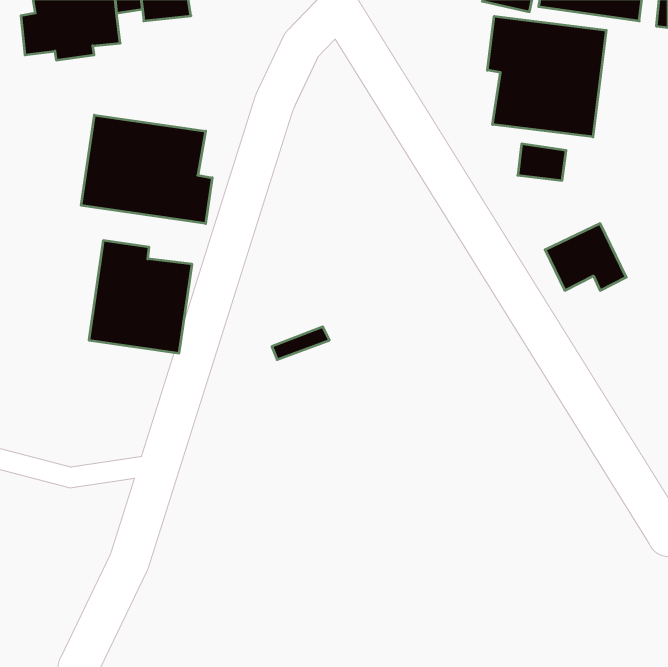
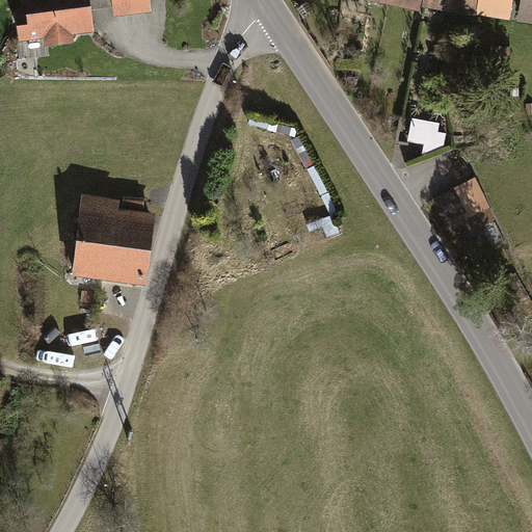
building: [487,16,606,137] -> none
building: [81,115,212,224] -> none

